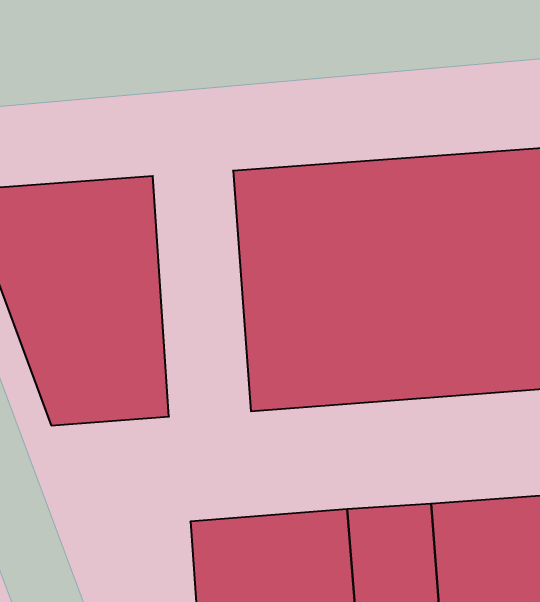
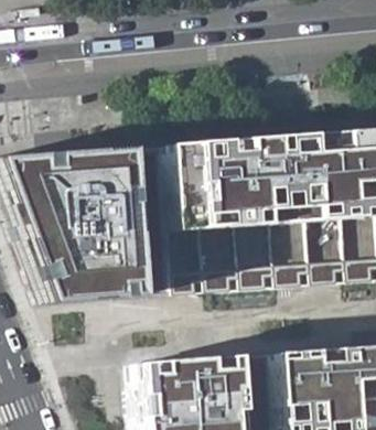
building: none -> [115,146,175,298]

